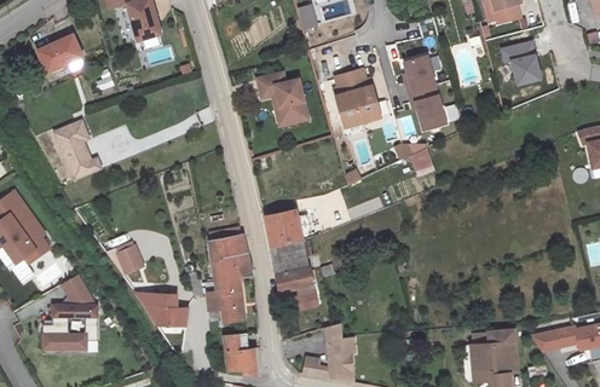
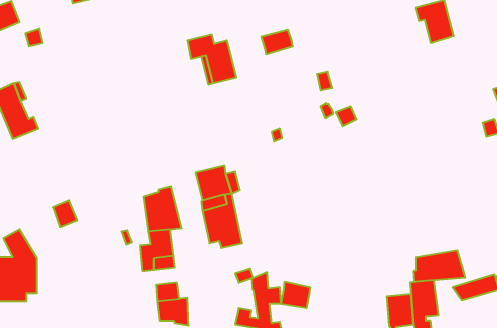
building: [403,53,446,131] -> none
building: [335,83,381,126] -> none
building: [134,290,188,324] -> none
building: none -> [414,250,465,282]
building: none -> [281,282,310,308]

